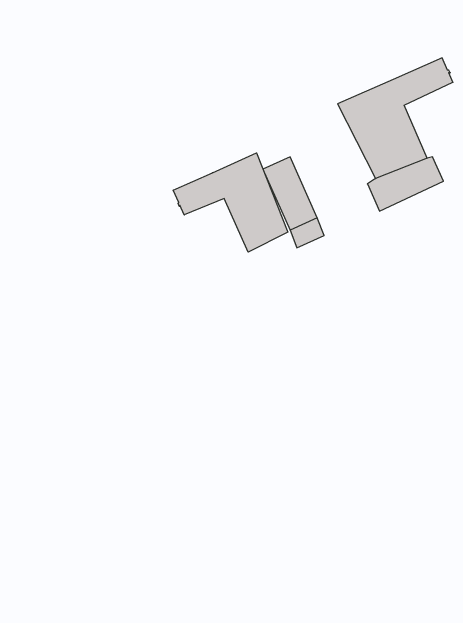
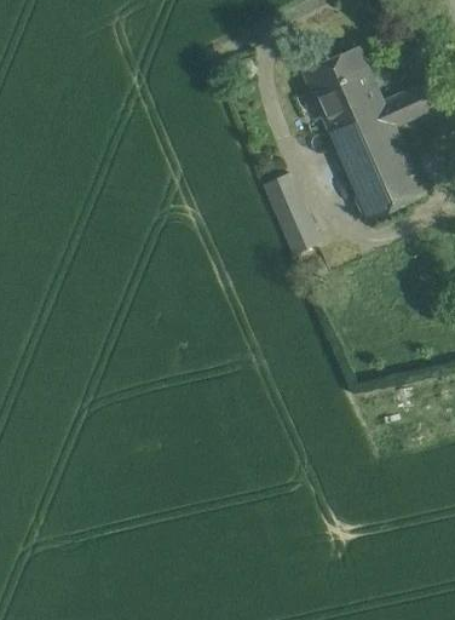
building: none -> [306,47,380,125]
building: [173,153,288,252] -> none

